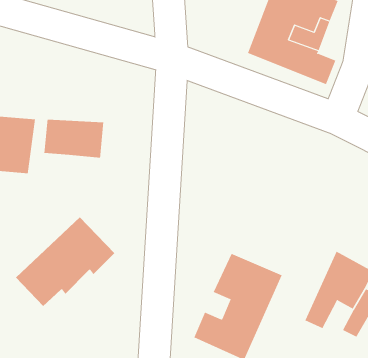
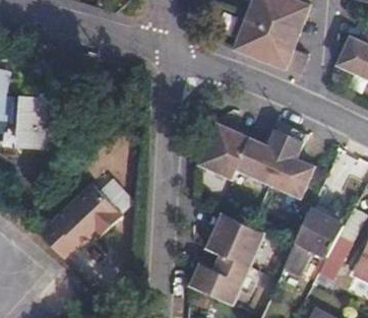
building: [44,119,104,159] -> none
building: none -> [198,121,314,198]

